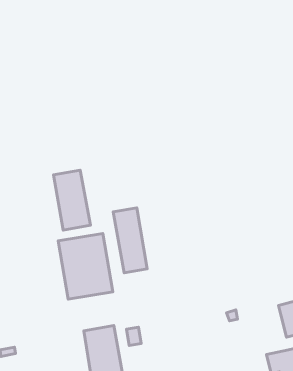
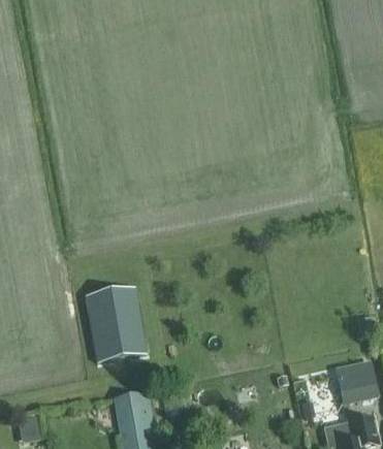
building: [54,170,91,230] -> none
building: [113,208,147,273] -> none

